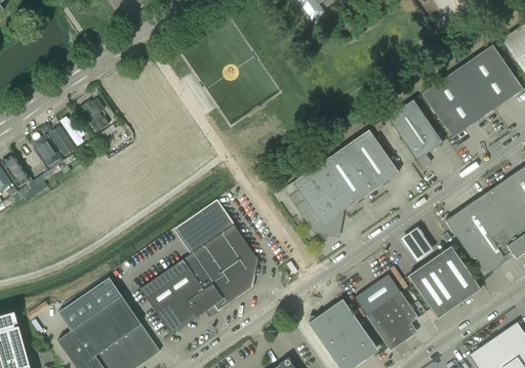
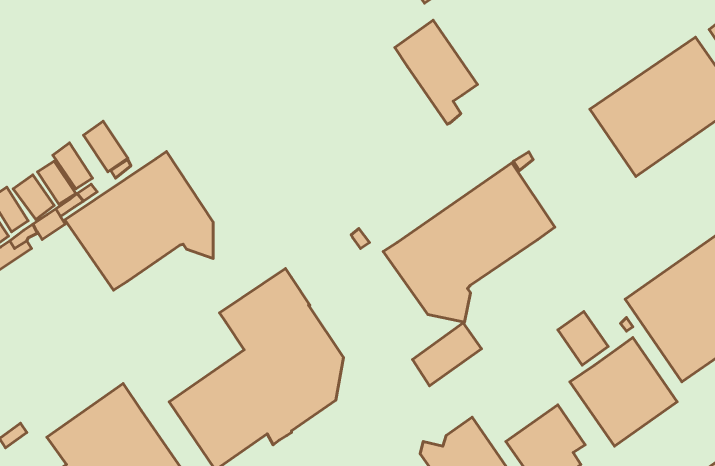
building: [387,99,442,169] -> [395,20,478,124]
building: none -> [65,151,213,290]
building: [354,274,400,316] -> [413,323,482,386]

